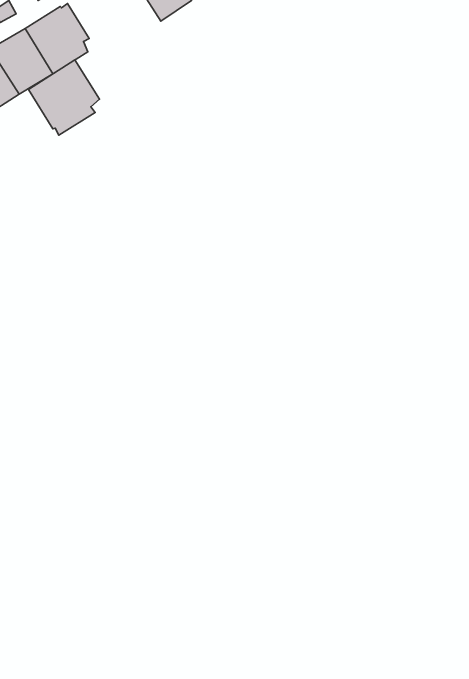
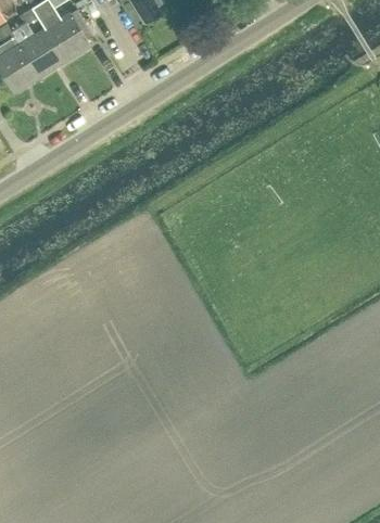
building: [28,60,99,135] -> none

